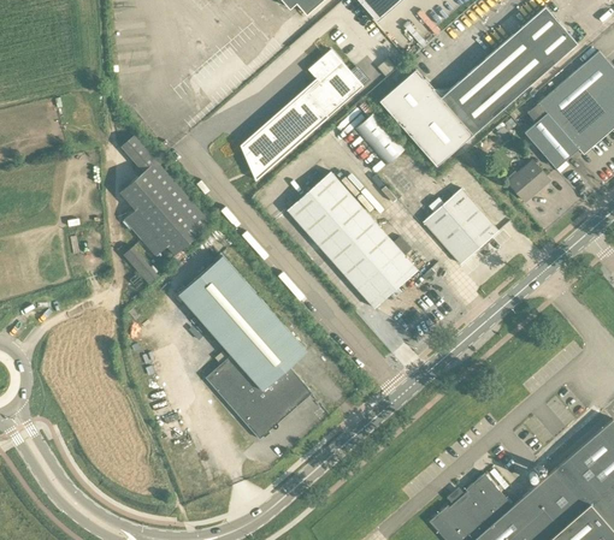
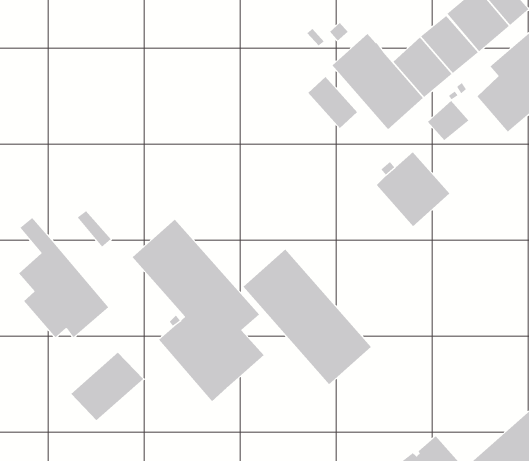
building: [242,49,362,180] -> none
building: [119,133,211,255] -> [18,217,109,338]
building: [508,160,550,201] -> [427,100,469,141]
building: [288,171,418,308] -> [243,249,372,385]
building: none -> [70,352,144,421]

